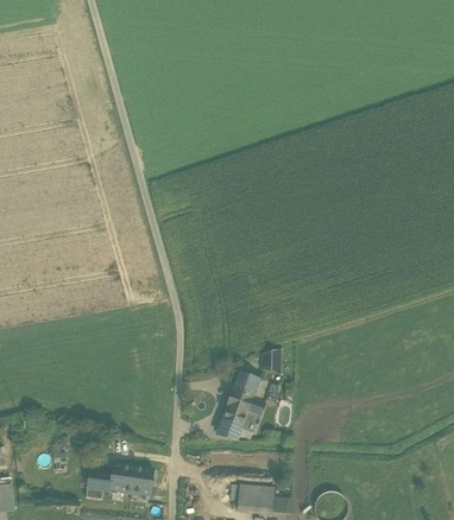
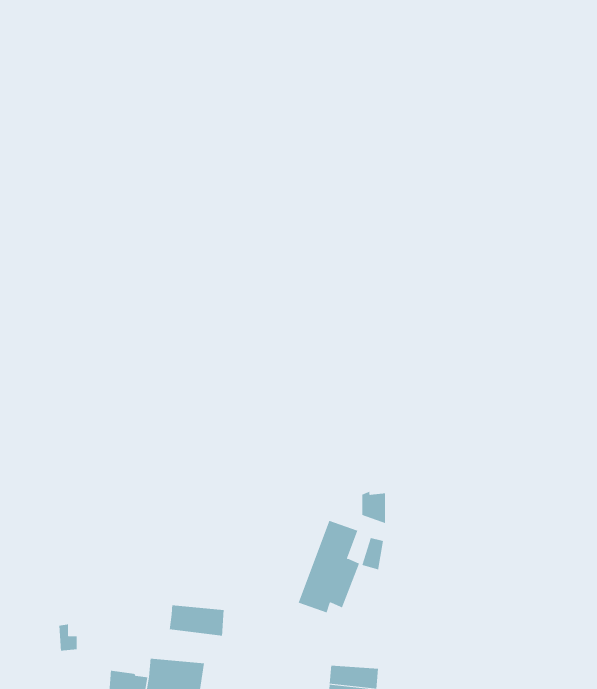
building: none -> [169,604,224,637]

